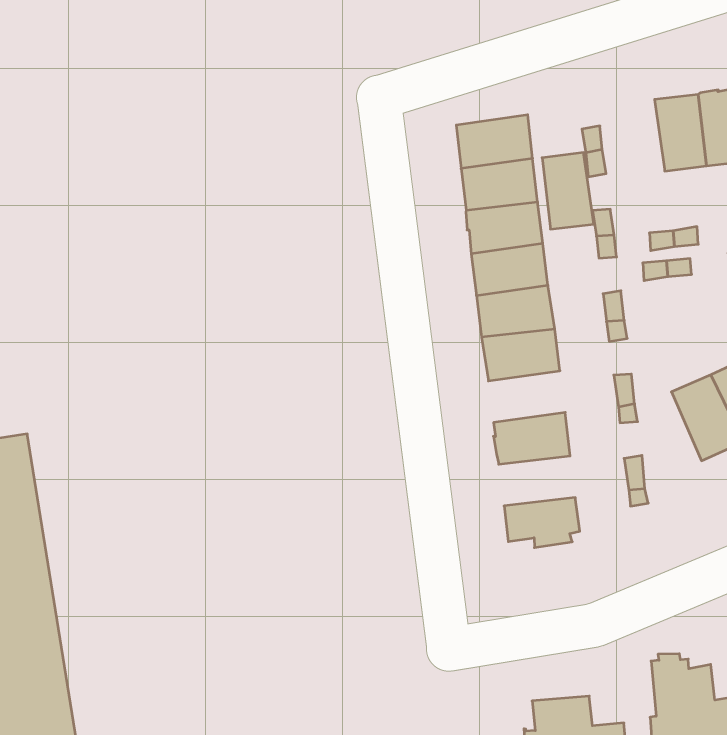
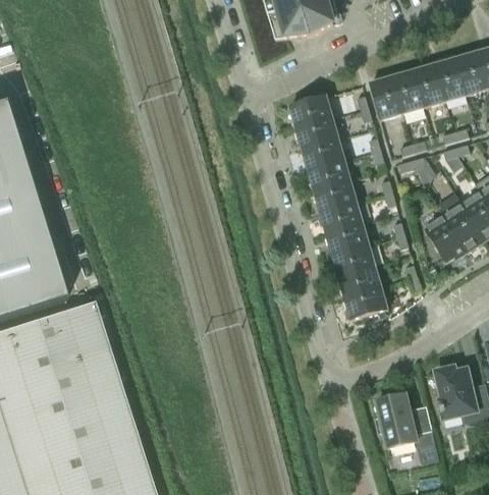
building: [542,153,594,229] -> [370,76,402,119]
building: none -> [327,226,370,259]
building: none -> [339,270,382,301]

